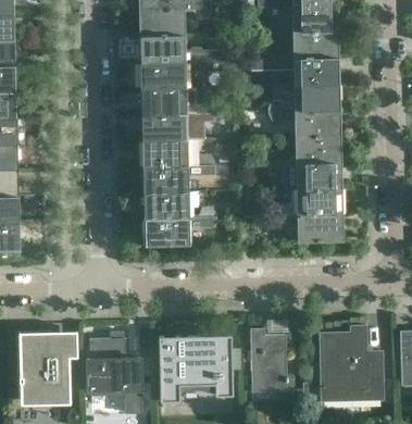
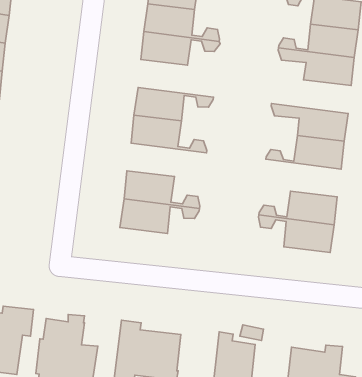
building: [267,85,339,112] -> none
building: [141,88,213,115] -> none
building: [270,163,340,190] -> none
building: [143,166,214,194] -> none

